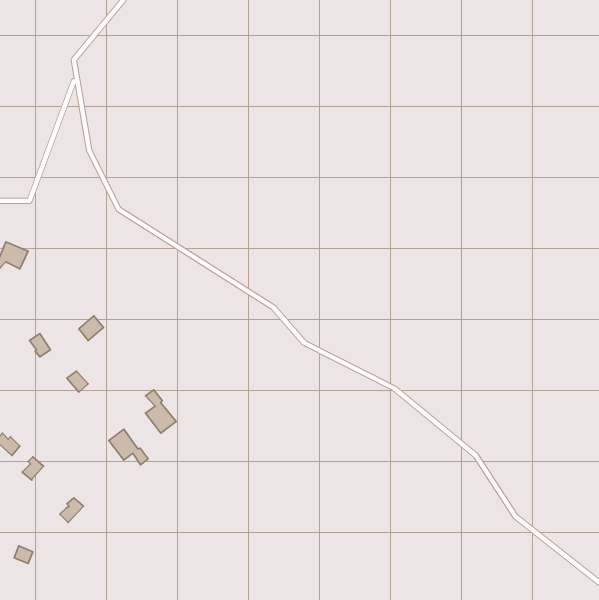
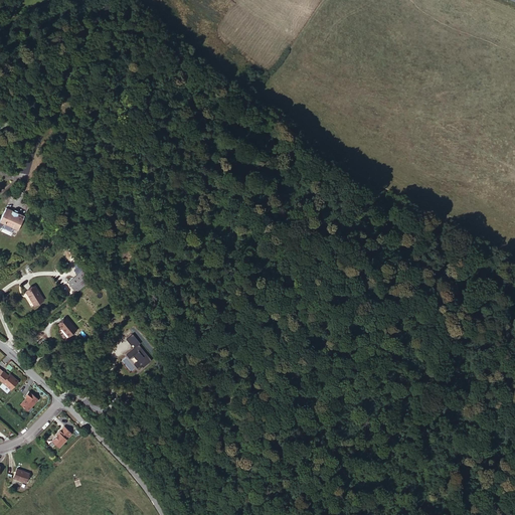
building: [109,429,148,465] -> none

